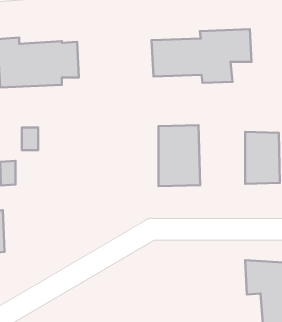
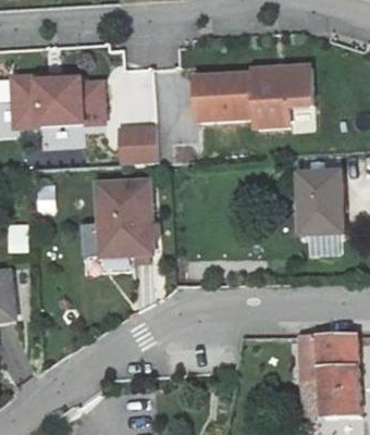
building: none -> [115,116,155,158]
building: [158,125,200,186] -> [97,190,147,263]

